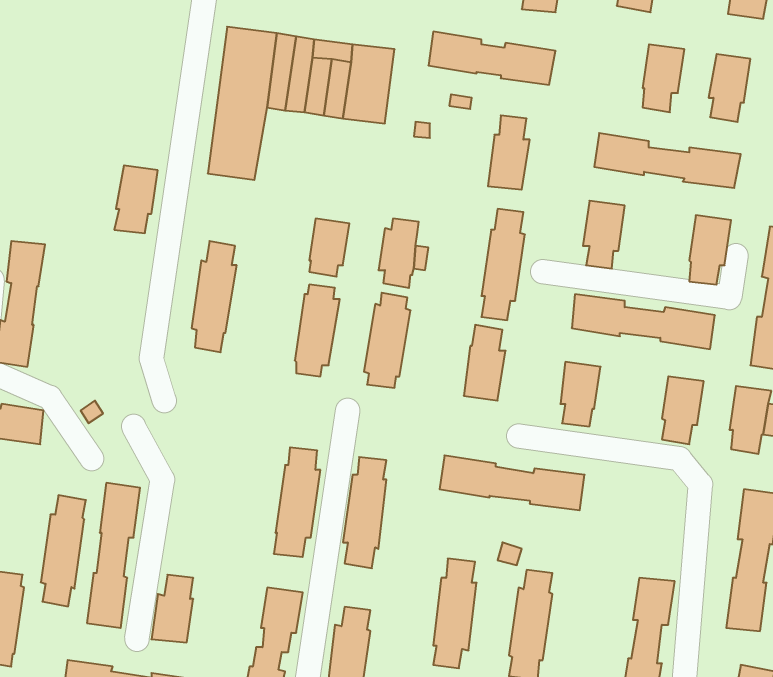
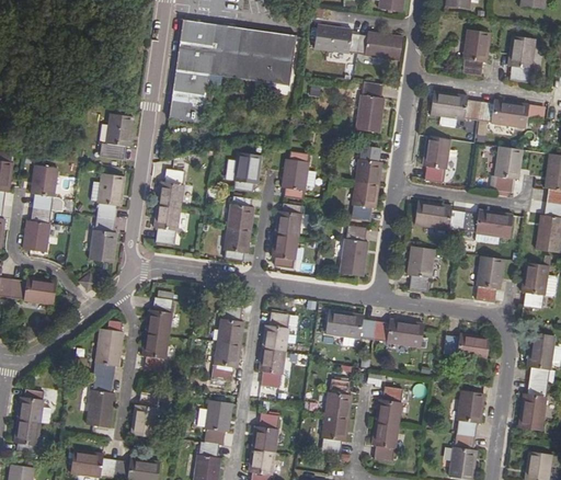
building: none -> [88,173,124,262]
building: none -> [443,334,489,363]
building: [41,495,86,606] -> [141,297,172,373]

